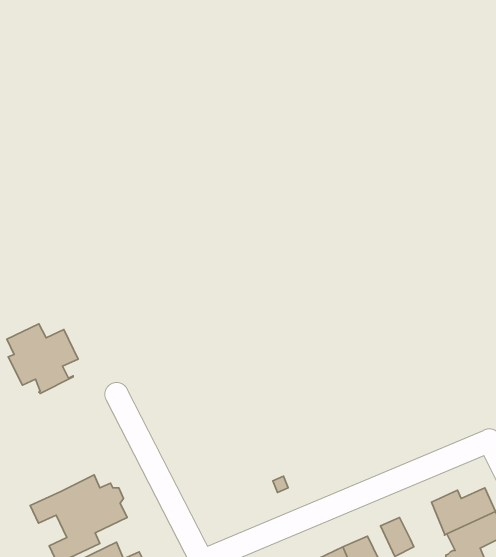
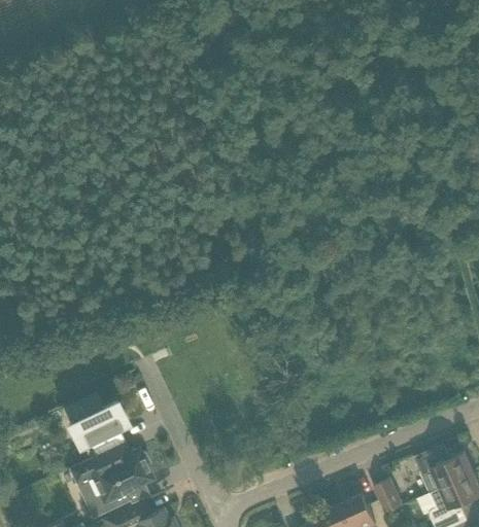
building: [7,324,78,394] -> [68,397,130,458]

